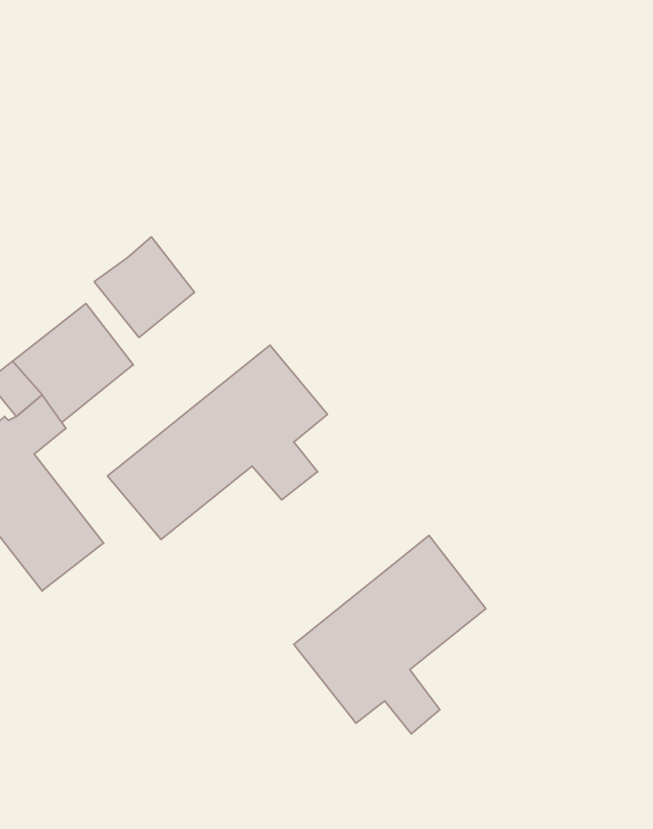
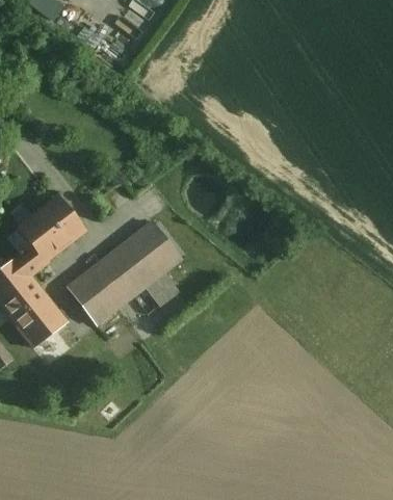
building: [94,237,194,337] -> none
building: [294,535,486,734] -> none

